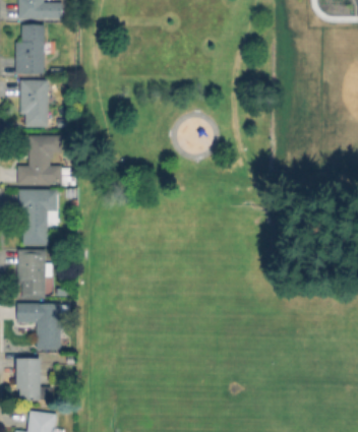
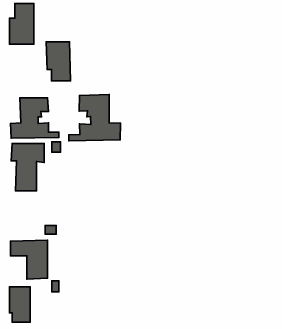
building: [21,81,50,127] -> [46,42,70,81]
building: none -> [69,95,121,141]
building: [19,250,54,298] -> none

